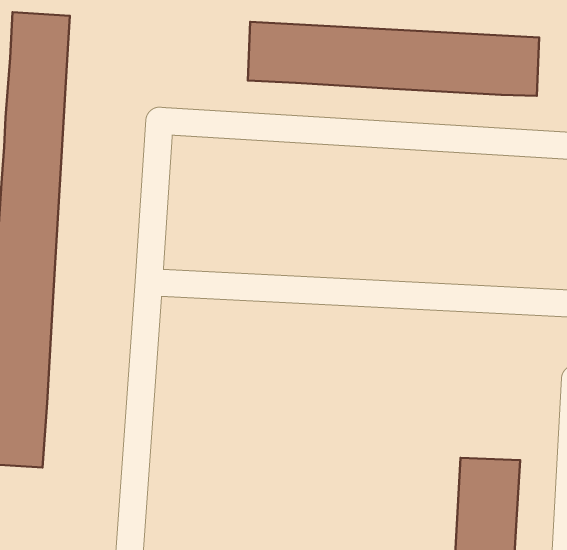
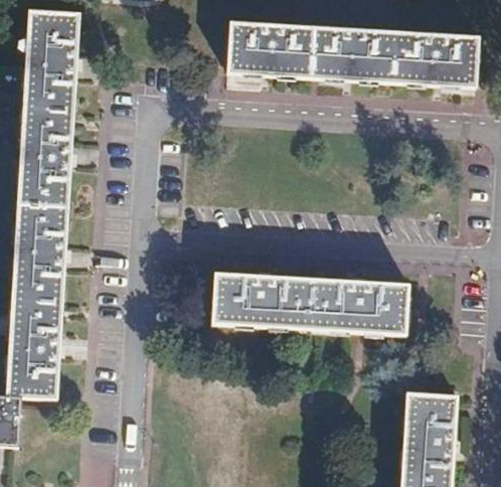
building: none -> [214,274,404,331]

